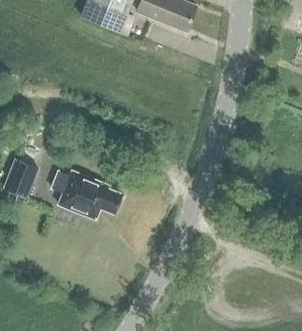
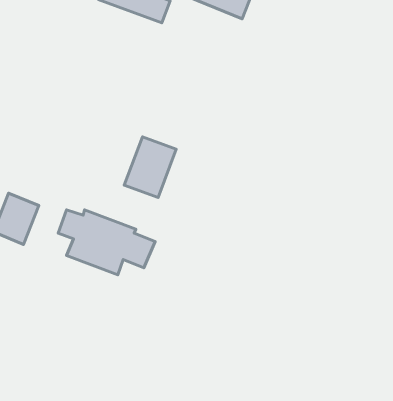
building: none -> [124,137,176,197]

